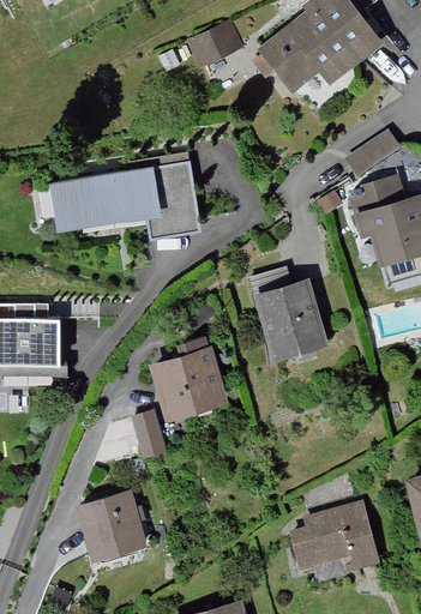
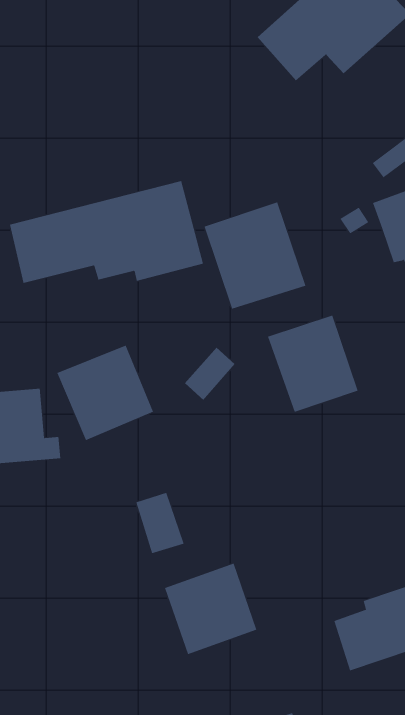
building: [190,22,247,68] -> none
building: none -> [204,202,306,309]
building: [150,345,227,421] -> [56,345,154,441]
building: [72,489,145,561] -> [164,563,257,655]

